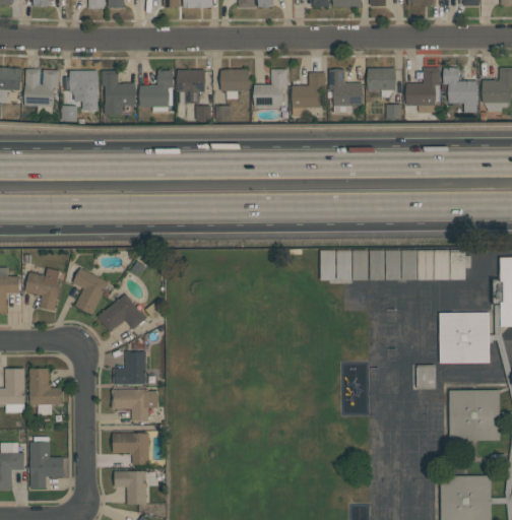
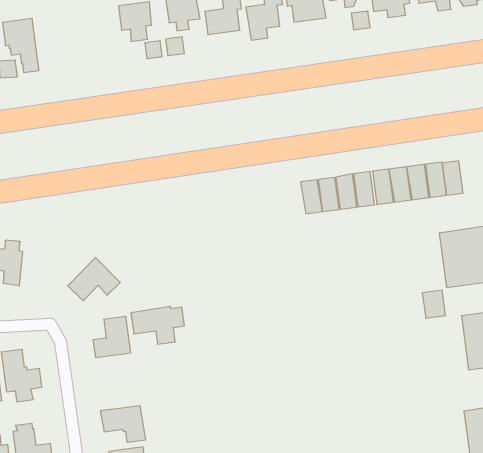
building: [140,69,173,112] -> none
building: [102,70,135,115] -> none
building: [73,267,109,314] -> none
building: [112,388,158,420] -> [131,306,184,344]

